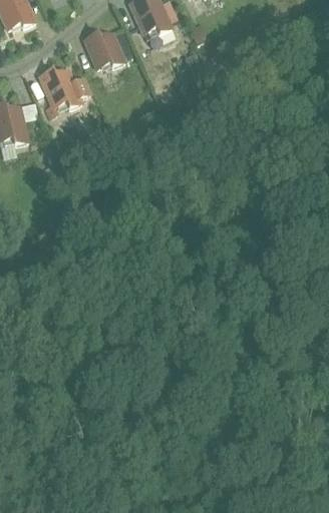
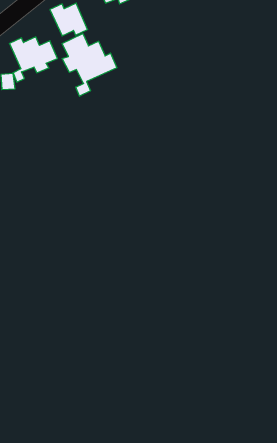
building: none -> [62,34,117,96]

